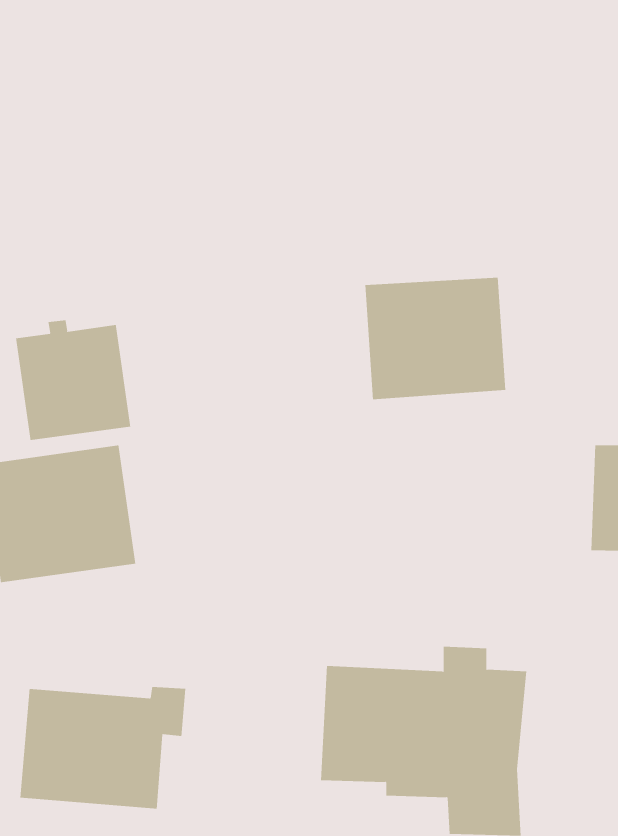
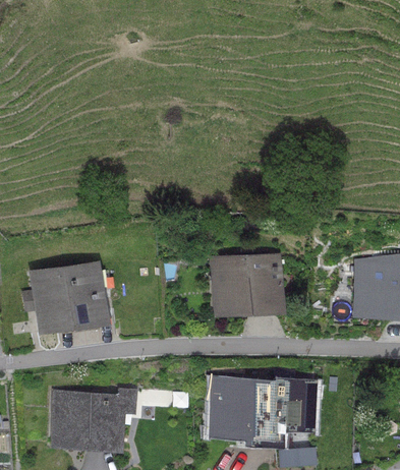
building: [364,277,506,400] -> [210,253,285,318]
building: [16,320,131,441] -> none

